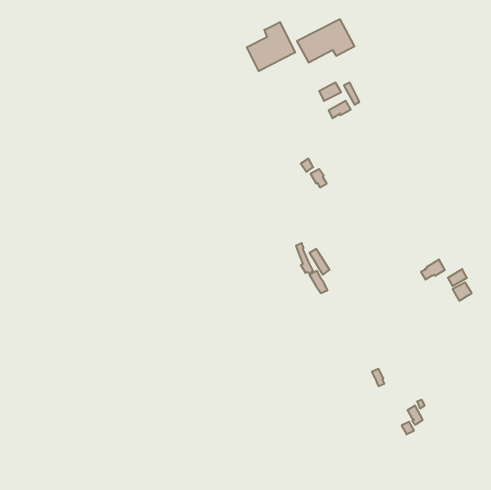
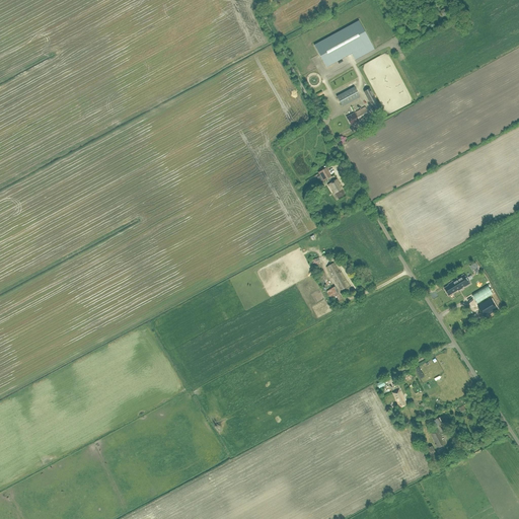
building: [247,22,295,71] -> none

